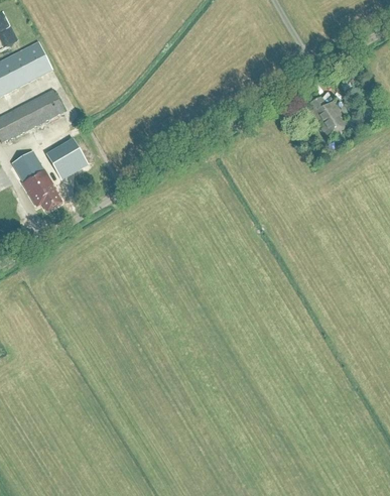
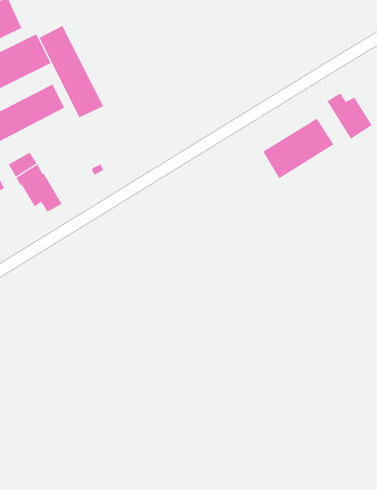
building: none -> [39,25,104,118]
building: none -> [263,118,334,179]
building: [46,140,87,179] -> none

